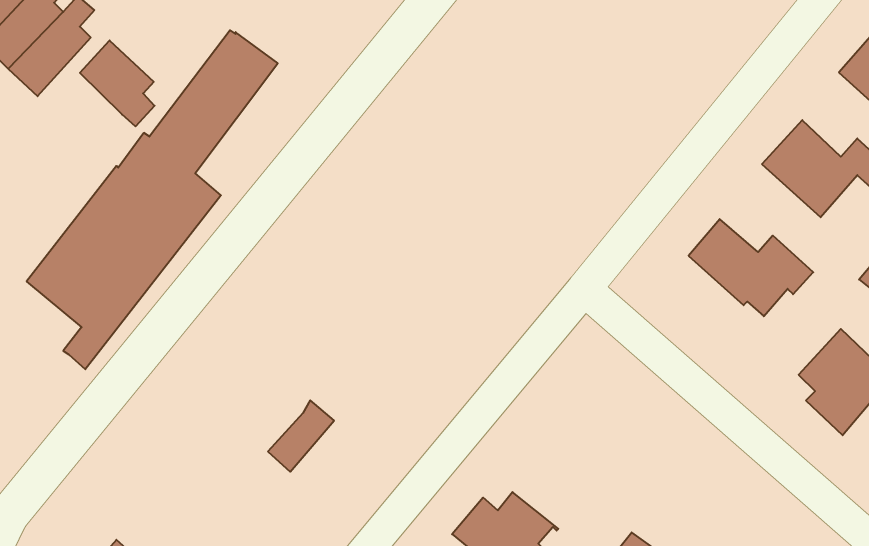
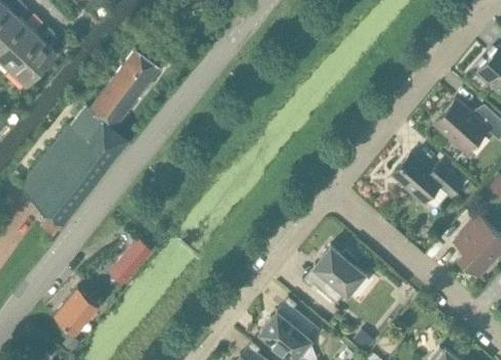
building: [80,40,155,126] -> none
building: none -> [301,248,364,306]
building: [268,400,334,472] -> [113,239,151,280]
building: none -> [55,289,98,335]

